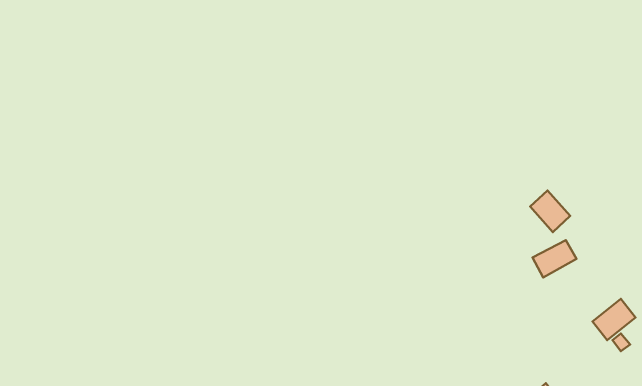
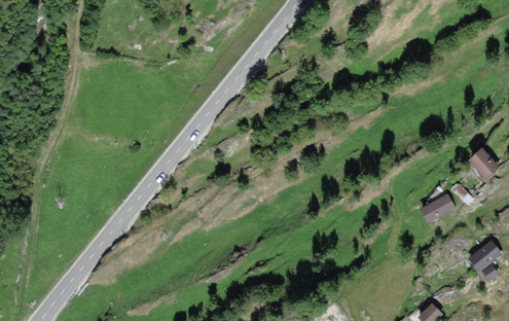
building: [530,191,570,232] -> [469,147,500,179]

